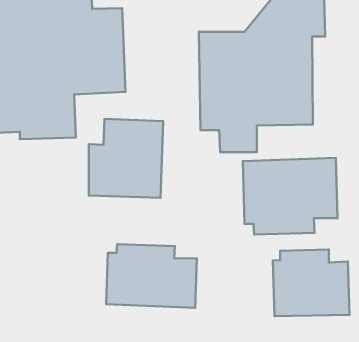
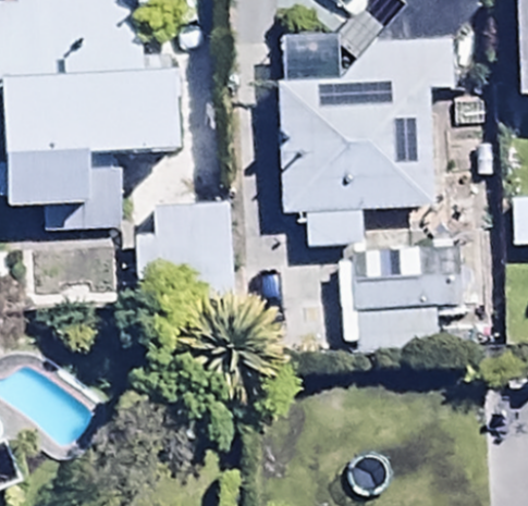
building: [106,244,197,308] -> none
building: [273,249,349,316] -> none

